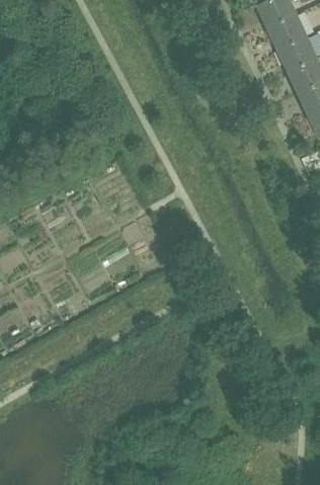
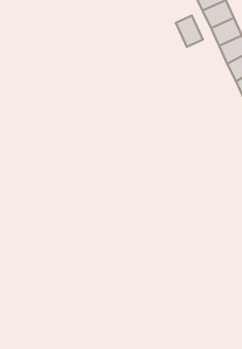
building: none -> [176,15,203,47]

